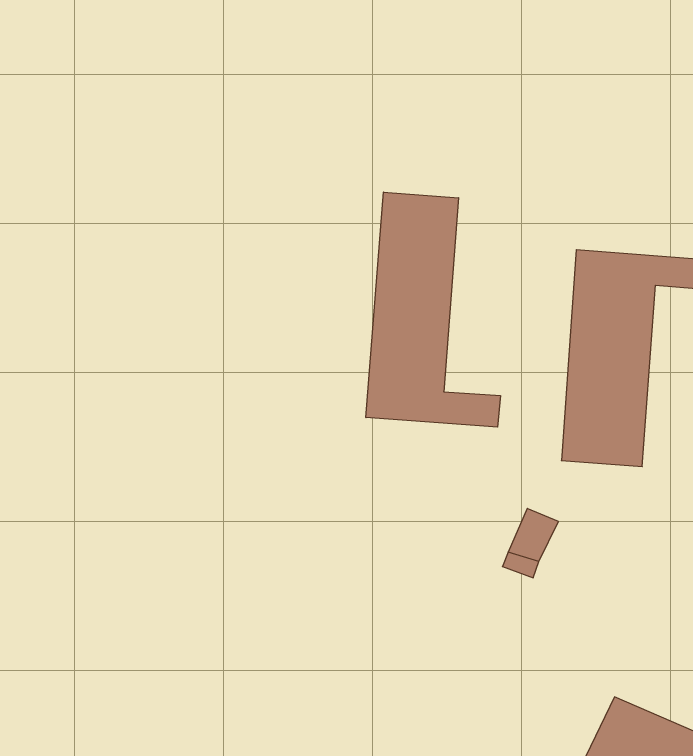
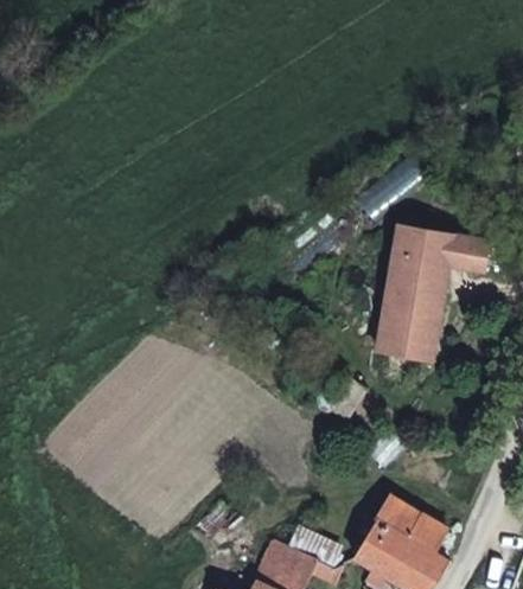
building: [366,192,500,427] -> none

